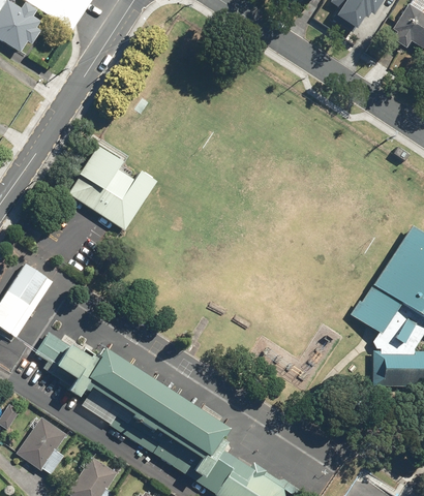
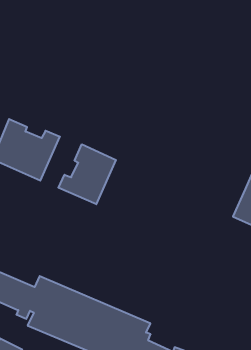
building: none -> [58,144,116,204]

